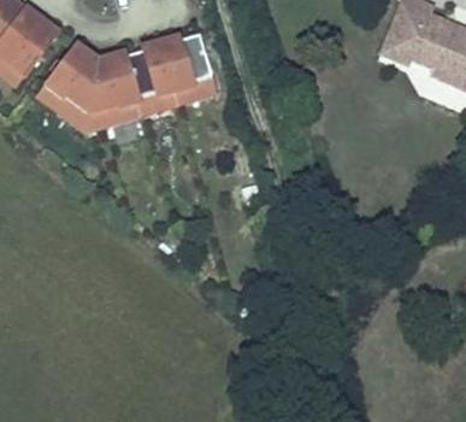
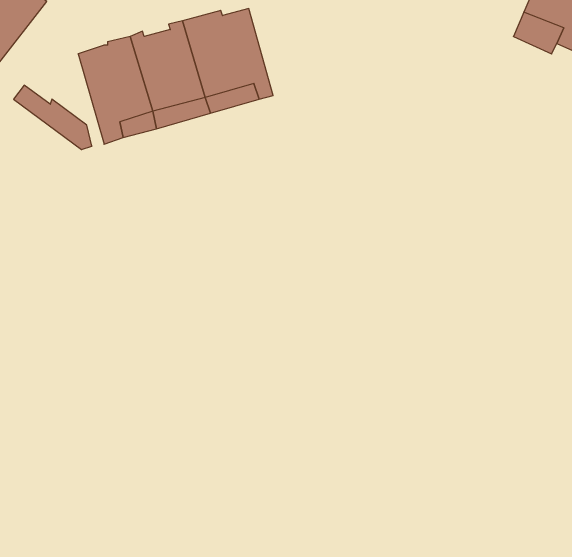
building: [42,41,98,128] -> none

